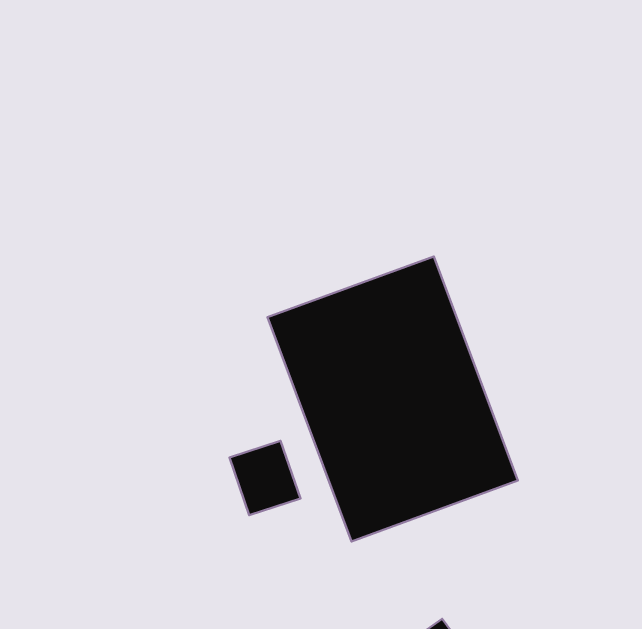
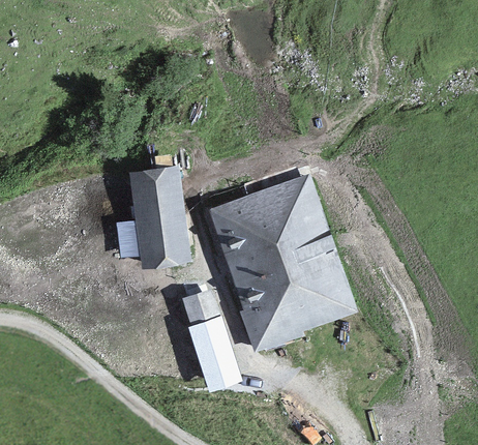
building: none -> [116,166,195,272]
building: none -> [192,325,236,372]

